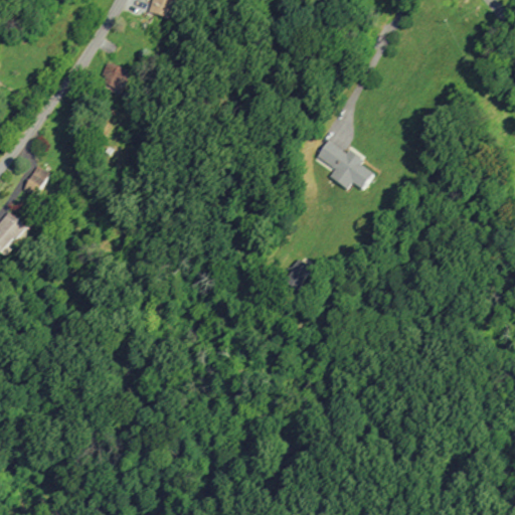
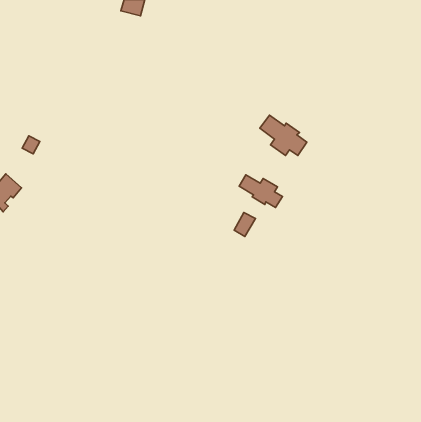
building: [101,62,128,91] -> none
building: none -> [239,175,282,208]

